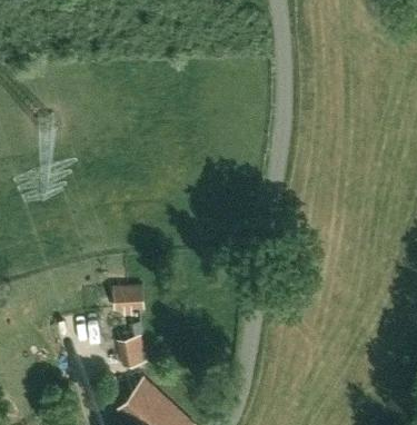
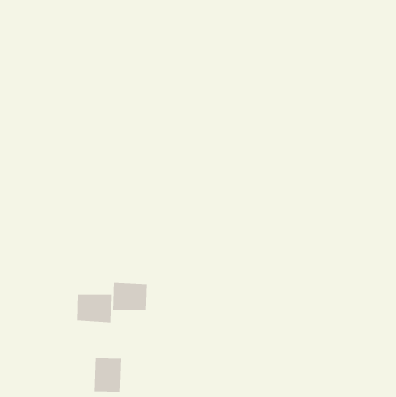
building: none -> [112,282,147,311]

